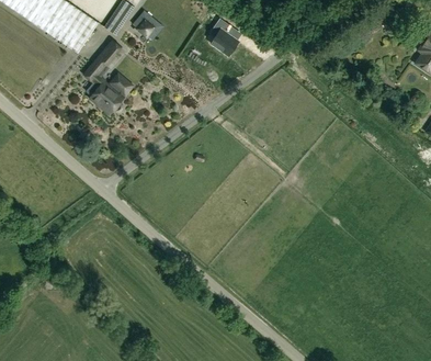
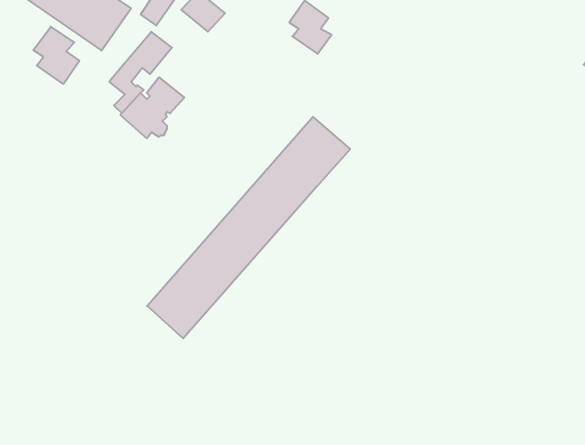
building: none -> [33,27,79,84]
building: none -> [147,117,350,338]

